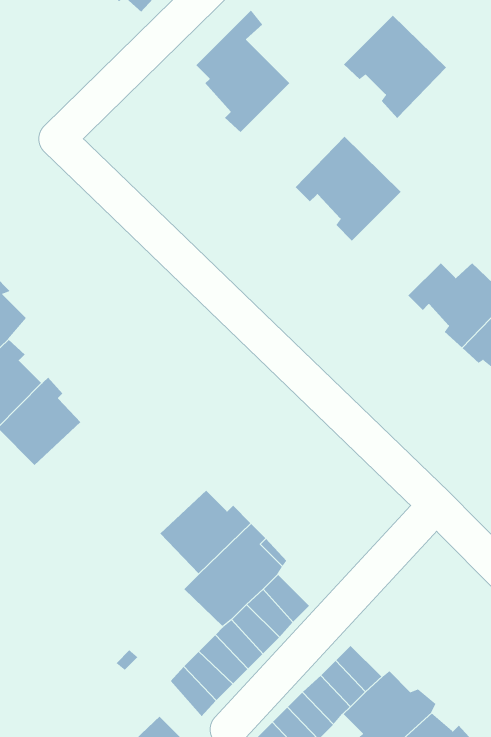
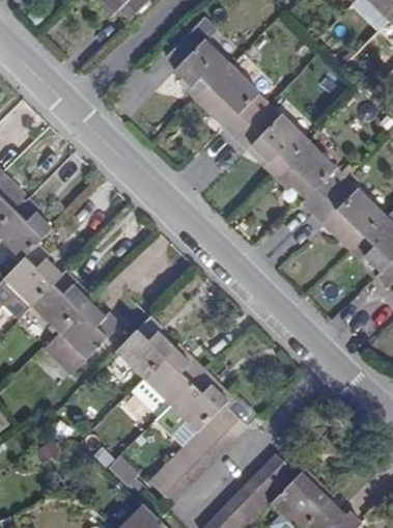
building: [343,15,447,119] -> [198,67,270,139]
building: none -> [275,142,336,214]
building: none -> [41,301,119,374]
building: none -> [116,315,174,378]

